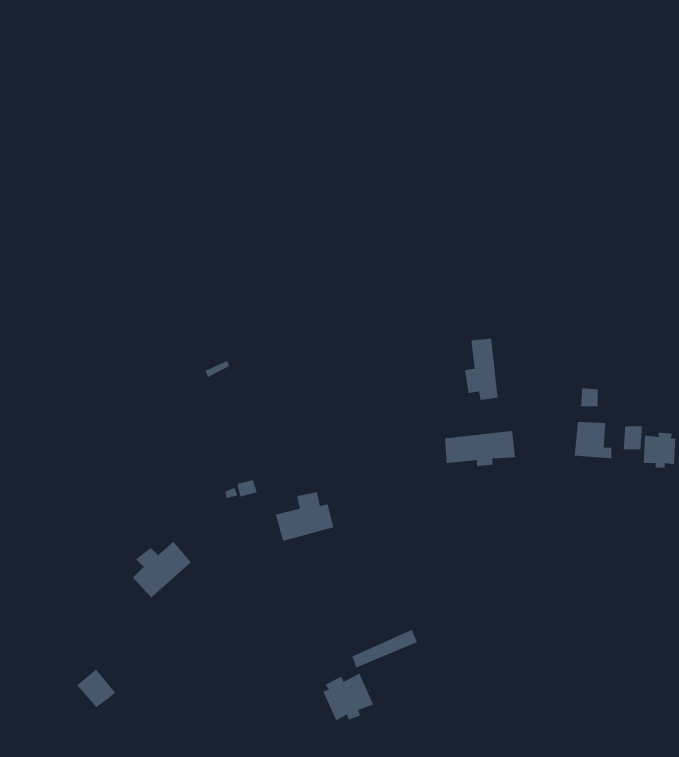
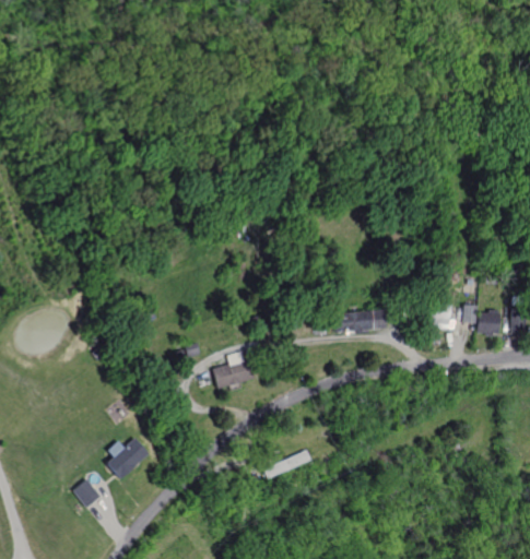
building: [464,338,499,401] -> none
building: [132,541,192,599] -> [106,438,149,479]
building: [322,673,374,722] -> none

